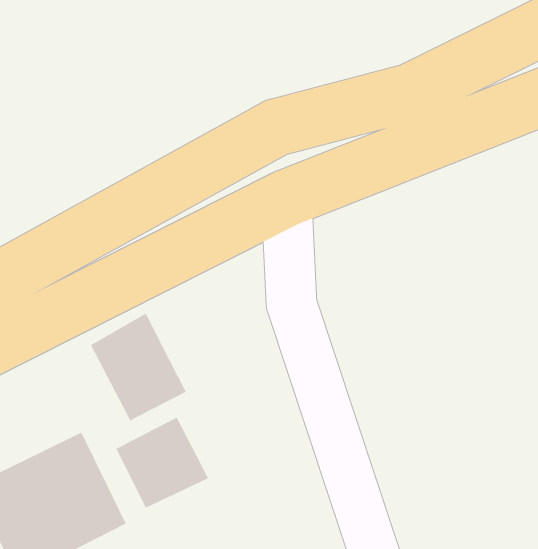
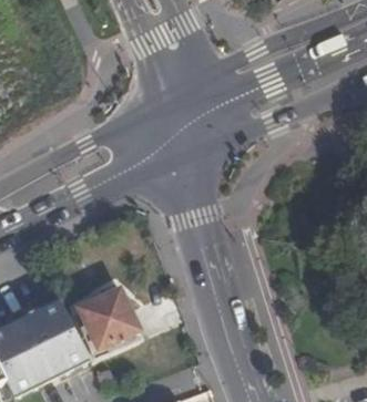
building: [90,313,187,421] -> none

